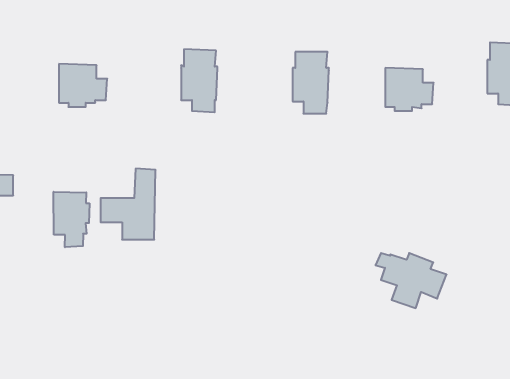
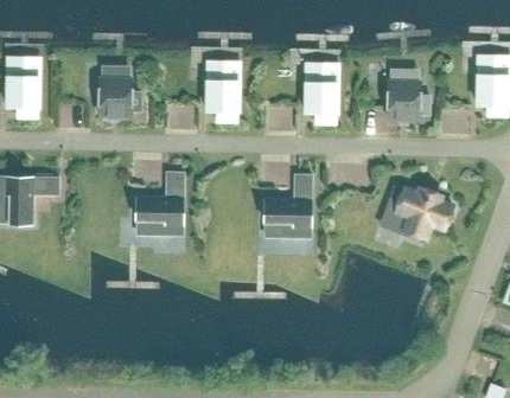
building: none -> [263,174,312,237]
building: [54,192,89,247] -> none
building: [375,253,447,308] -> [389,190,452,238]

